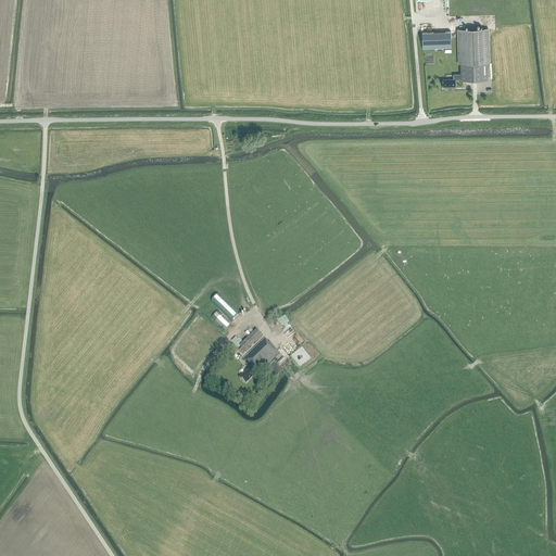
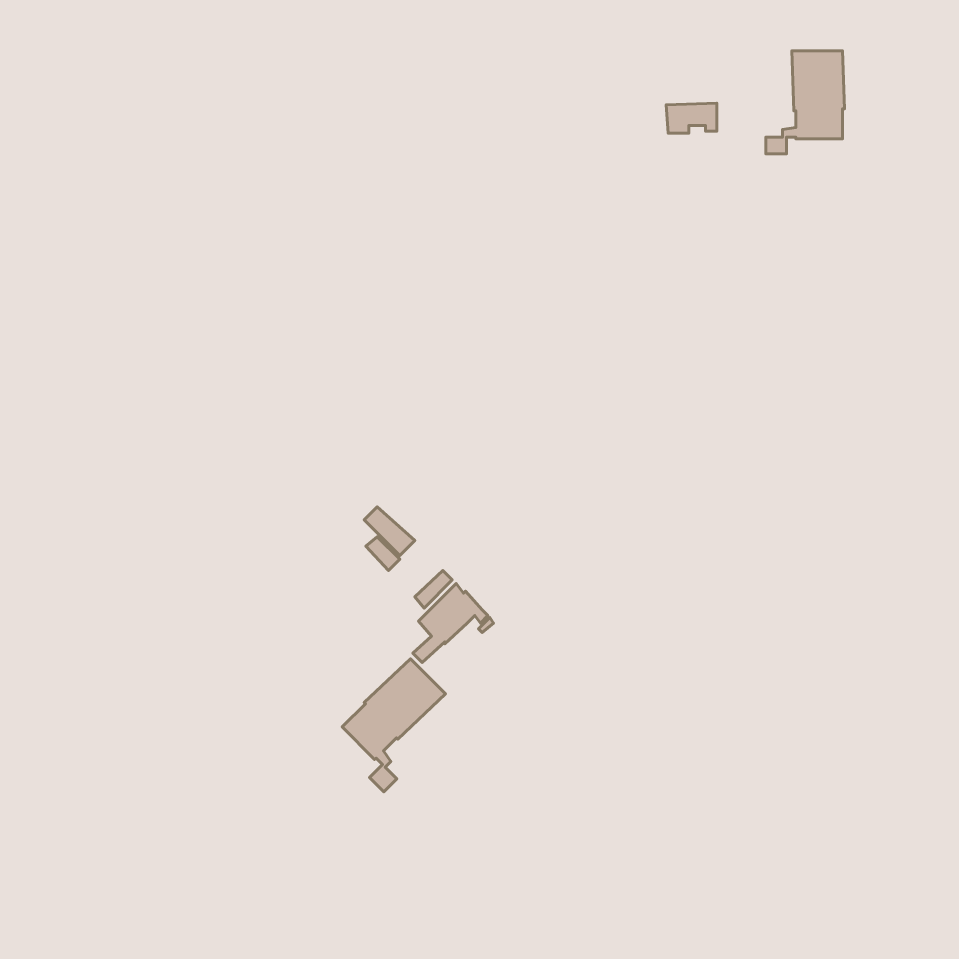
building: [421,31,451,49] -> [666,103,717,133]
building: none -> [342,659,446,792]

